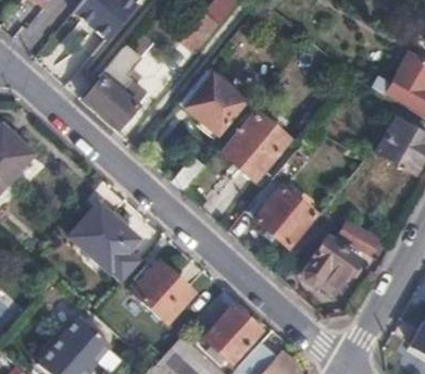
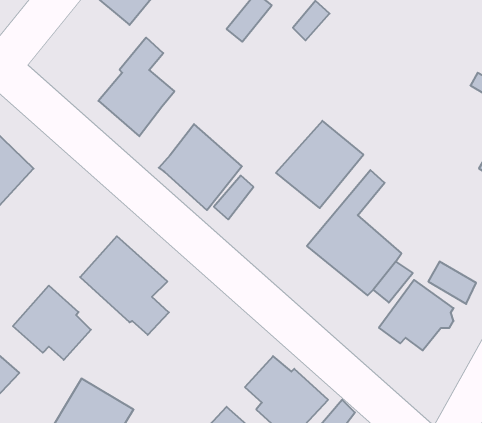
building: [180,70,245,136] -> [159,124,242,210]
building: none -> [13,286,91,360]
building: [133,260,195,321] -> none

